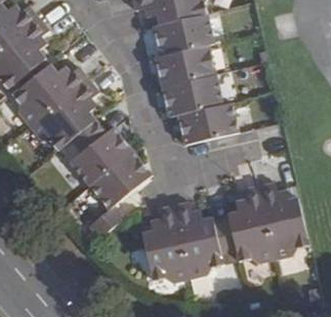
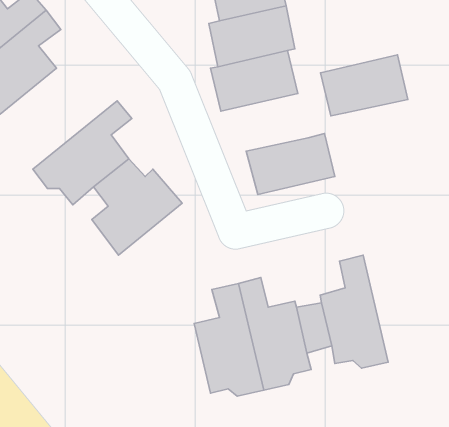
building: [11,62,87,125] -> none
building: [159,73,219,115] -> [320,55,408,116]
building: [86,149,152,237] -> none
building: [257,181,307,259] -> none

